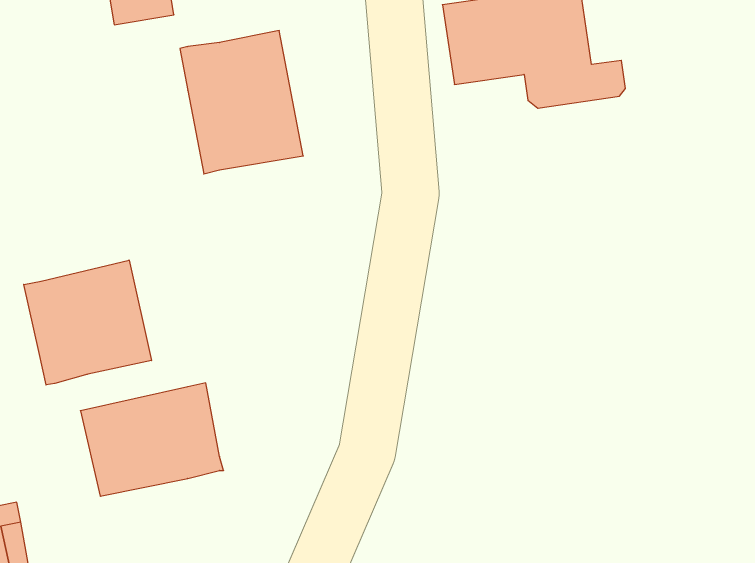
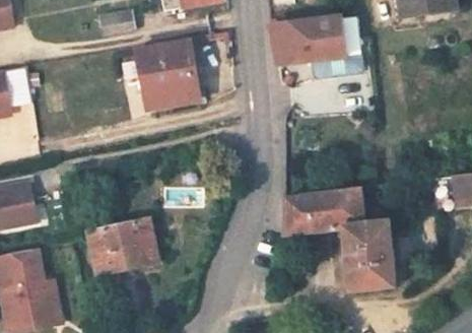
building: [24,260,151,385] -> none
building: none -> [284,189,396,291]

